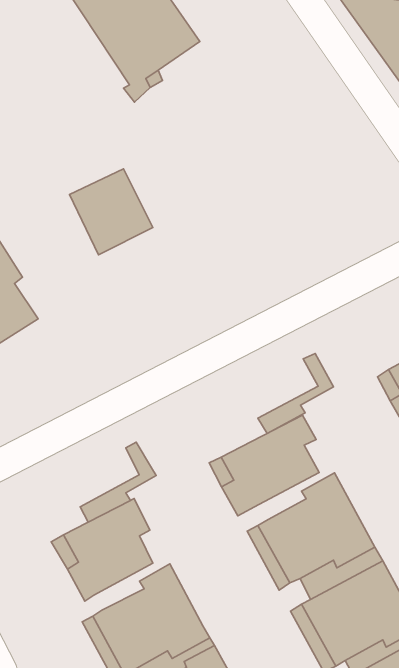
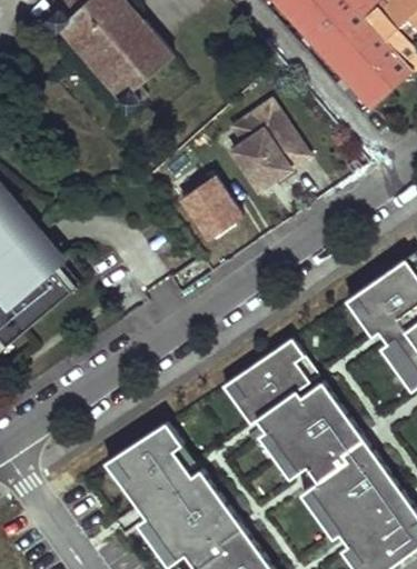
building: none -> [230,99,308,190]
building: [69,169,153,255] -> [177,172,246,242]
building: [258,353,334,433] -> [265,357,321,425]
building: [80,442,156,522] -> [143,445,200,512]

